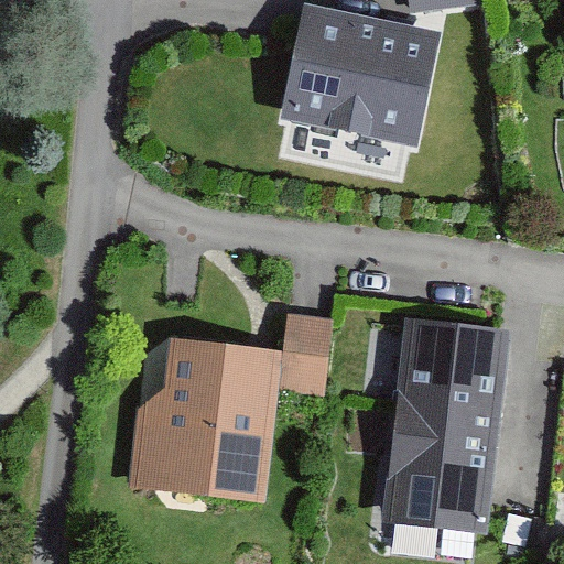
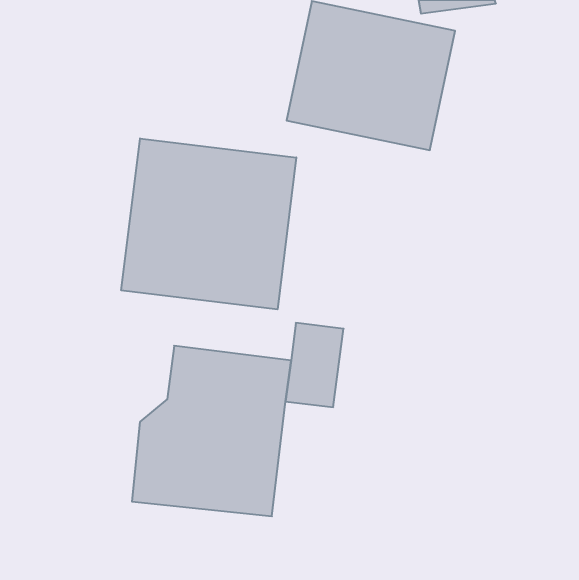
building: none -> [121,138,296,309]
building: [380,318,510,533] -> none

